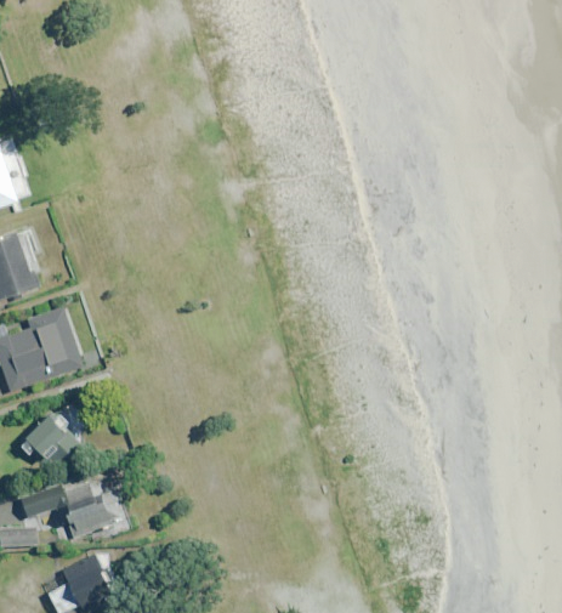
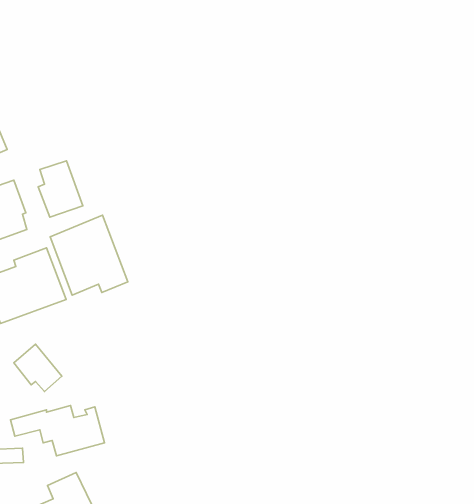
building: none -> [38,161,83,217]
building: none -> [50,215,128,295]

